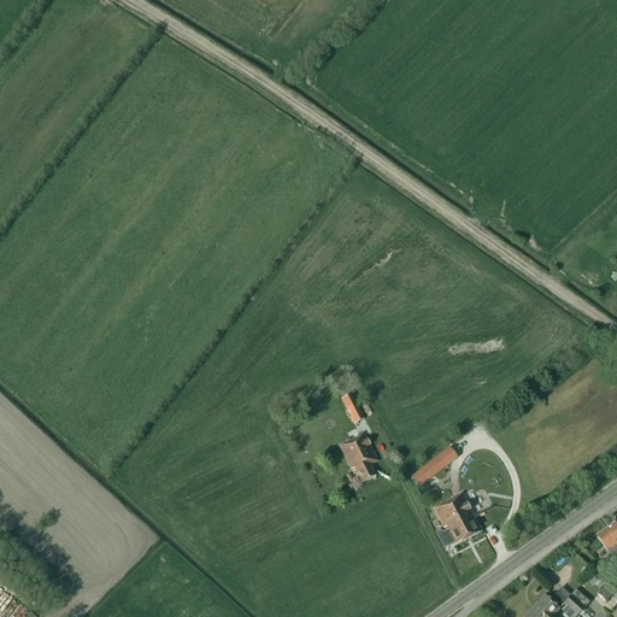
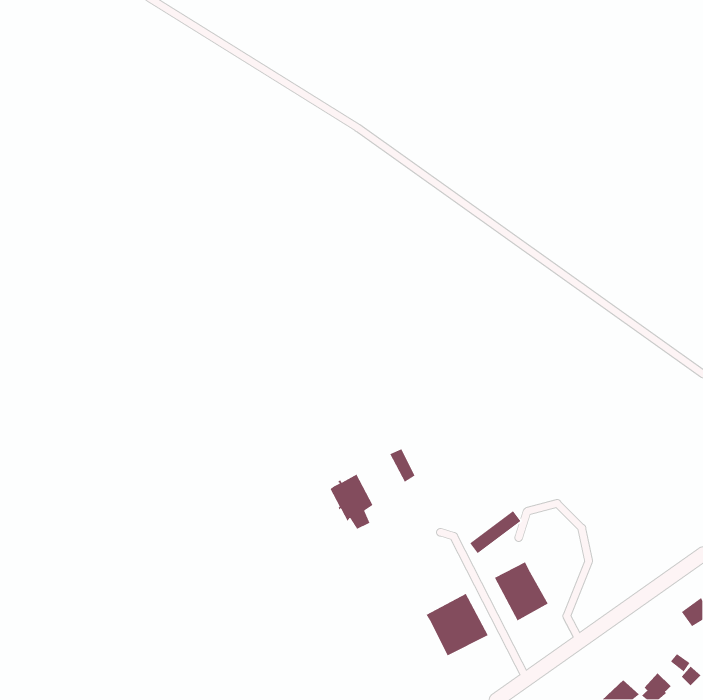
building: [339,431,377,481] -> [329,474,373,530]
building: none -> [426,593,489,657]

